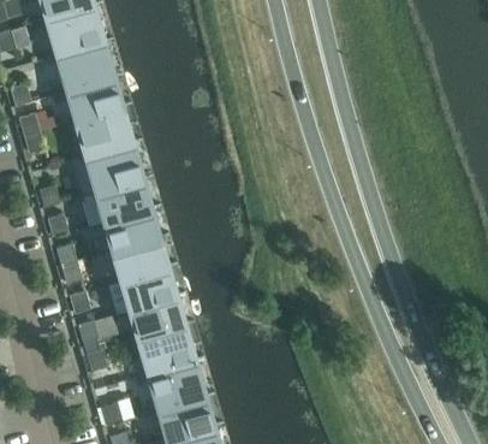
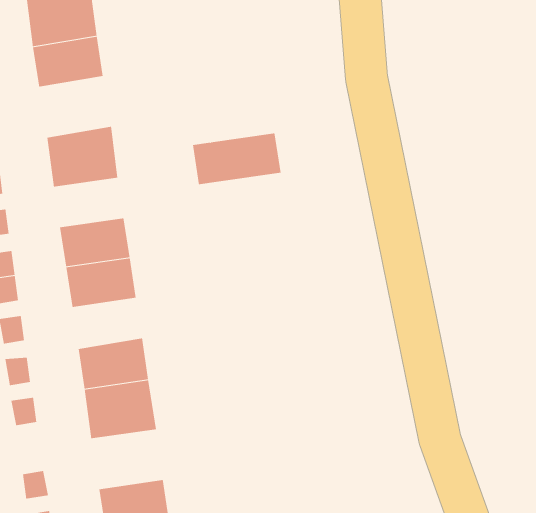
building: [76,107,133,158] -> none
building: [83,180,151,226] -> [192,133,281,185]
building: [121,267,177,310] -> none
building: [148,362,206,412] -> none

